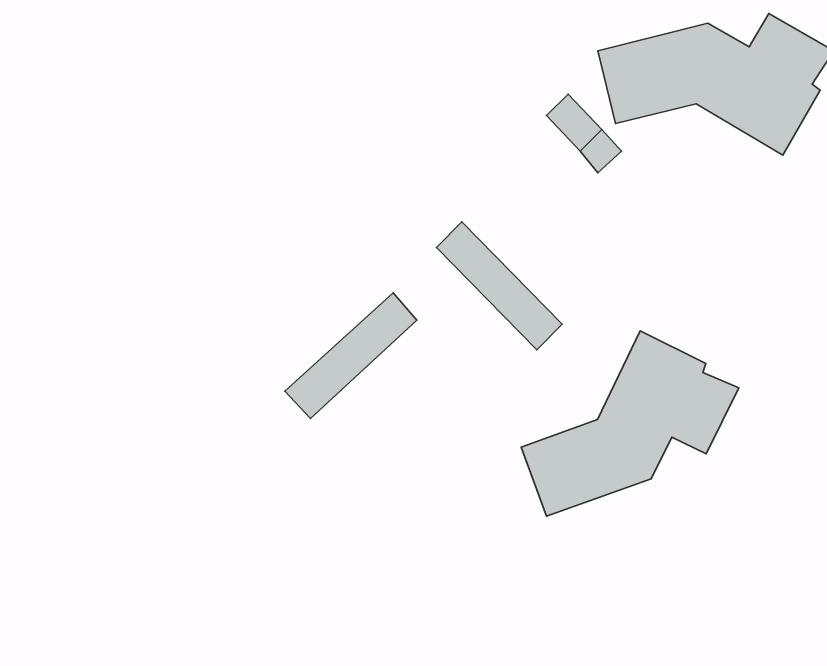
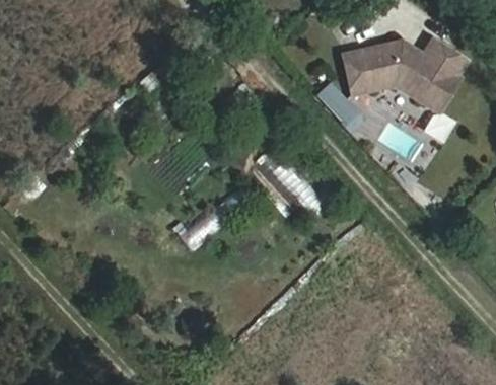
building: [521,331,739,516] -> none

